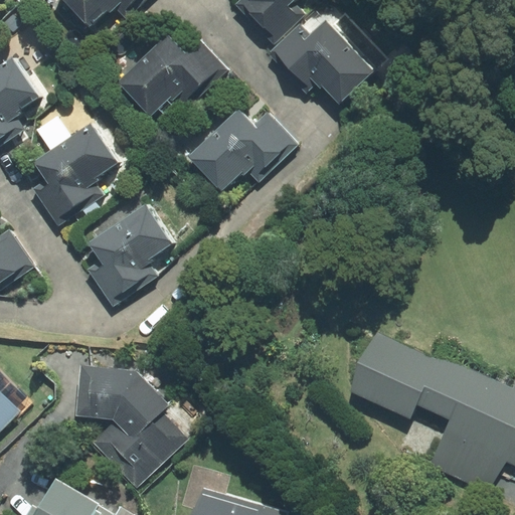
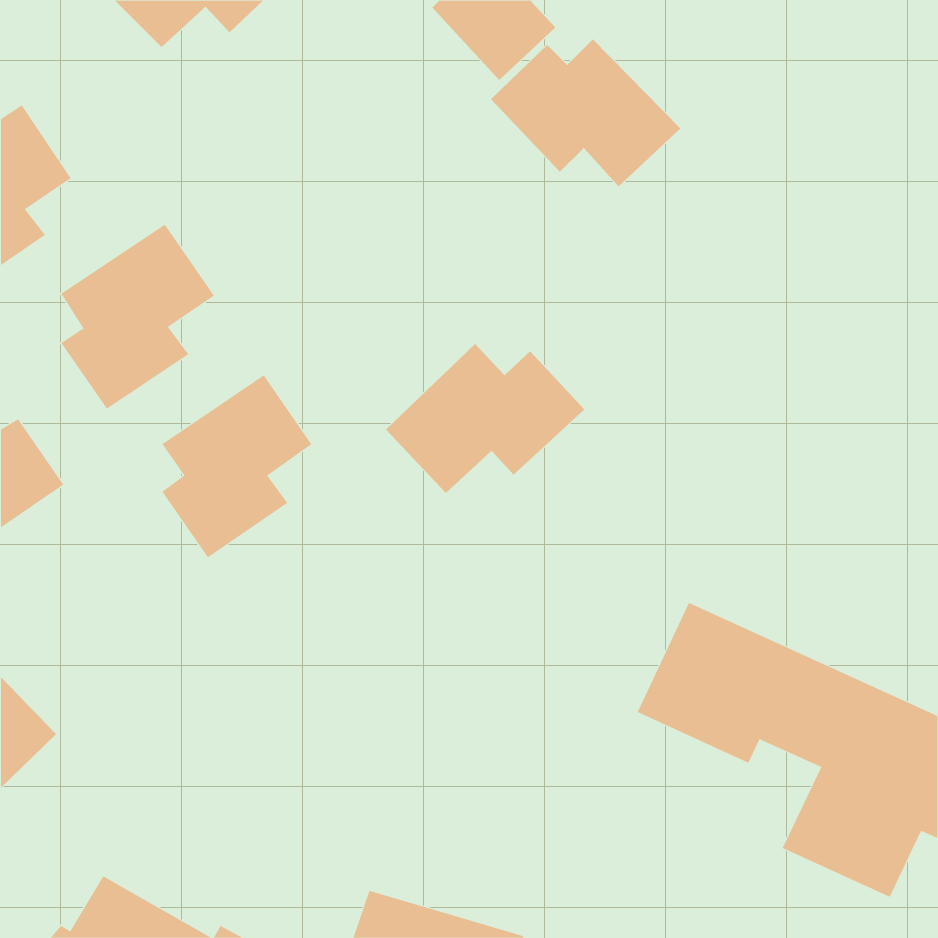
building: [117,33,227,116] -> none
building: [188,109,298,191] -> [385,343,585,494]
building: [75,366,190,489] -> none

